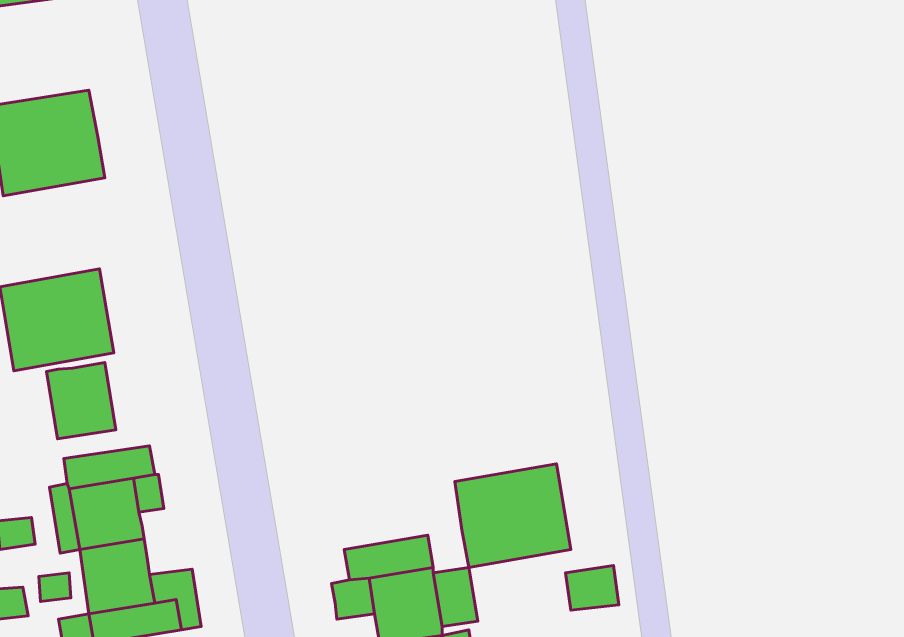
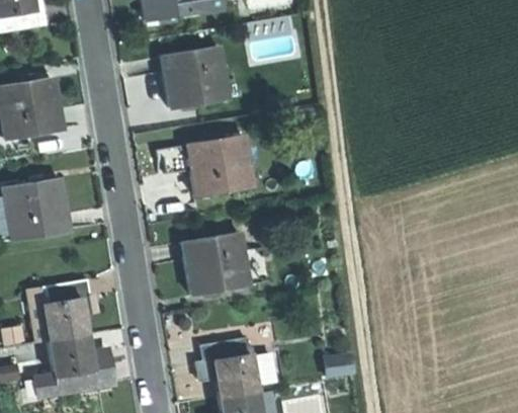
building: none -> [162,46,229,107]
building: none -> [185,134,250,193]
building: [46,362,116,439] -> none
building: [455,464,571,567] -> [182,233,248,292]

